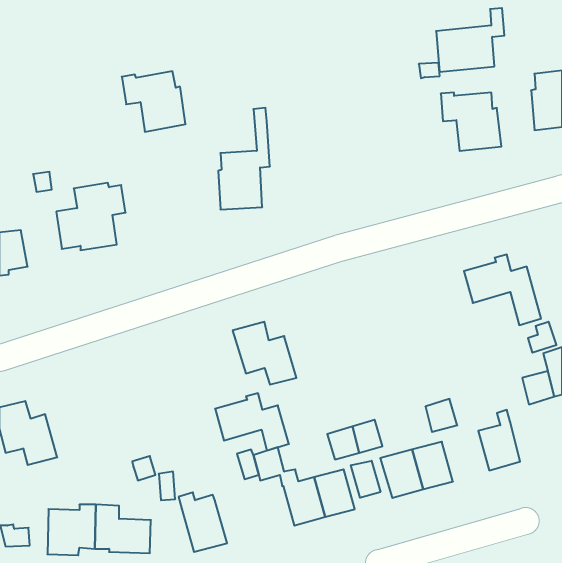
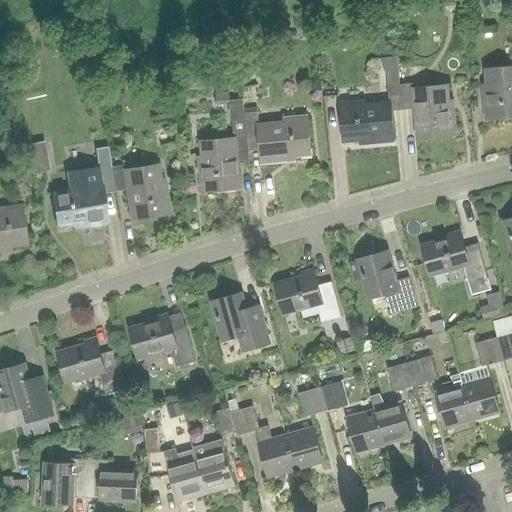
building: [436,8,504,72] -> [340,85,402,143]
building: [122,71,186,132] -> [110,163,168,218]
building: none -> [242,109,310,161]
building: none -> [349,250,416,313]
building: none -> [274,270,340,321]
building: none -> [56,338,124,394]
building: none -> [408,356,436,386]
building: [215,393,289,451] -> [128,315,195,367]
building: none -> [463,376,498,419]
building: [351,461,380,498] -> none
building: none -> [195,446,234,493]

